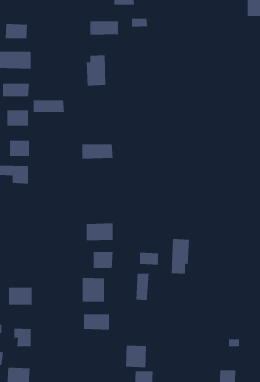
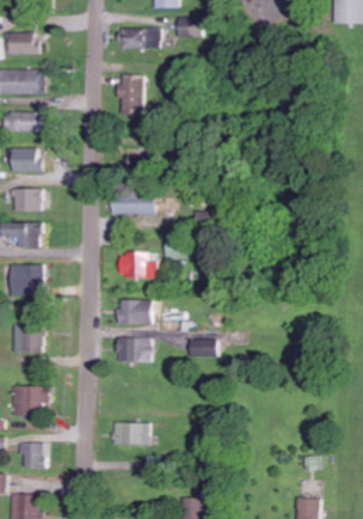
building: [33,100,65,113] -> none
building: none -> [117,252,156,277]
building: none -> [8,264,43,294]
building: [171,238,190,275] -> none
building: none -> [13,326,42,354]
building: [136,273,150,301] -> none
building: [82,277,105,302] -> none
building: [125,345,147,368] -> none

